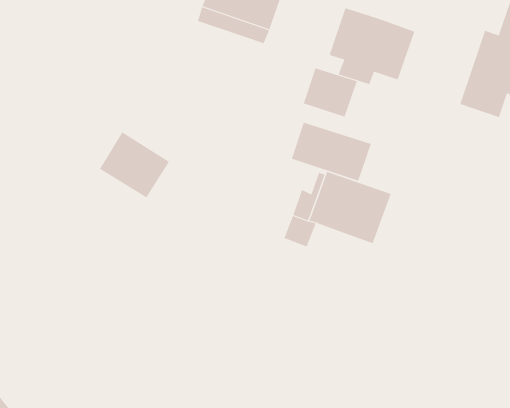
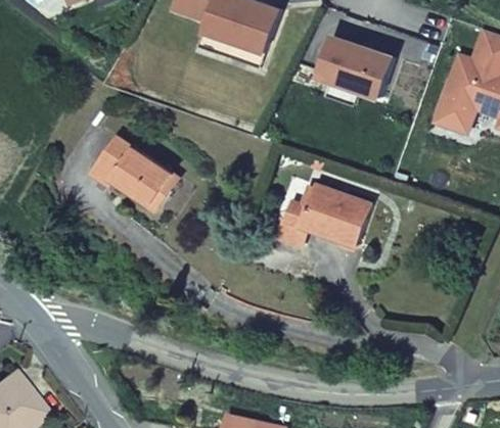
building: [303,68,357,118] -> none
building: none -> [87,135,178,211]
building: [291,122,372,182] -> none

